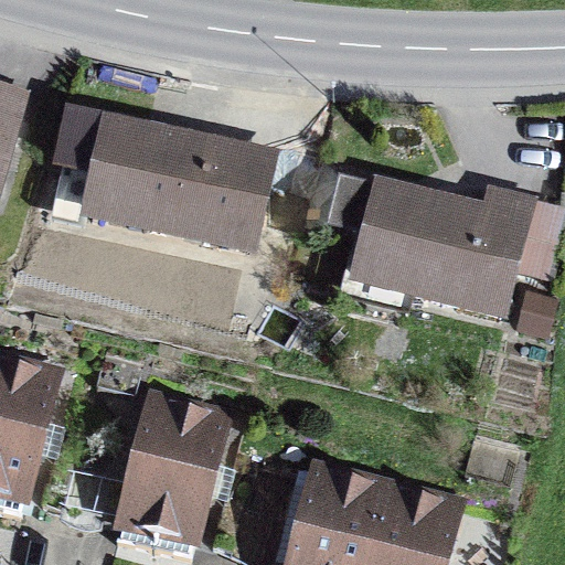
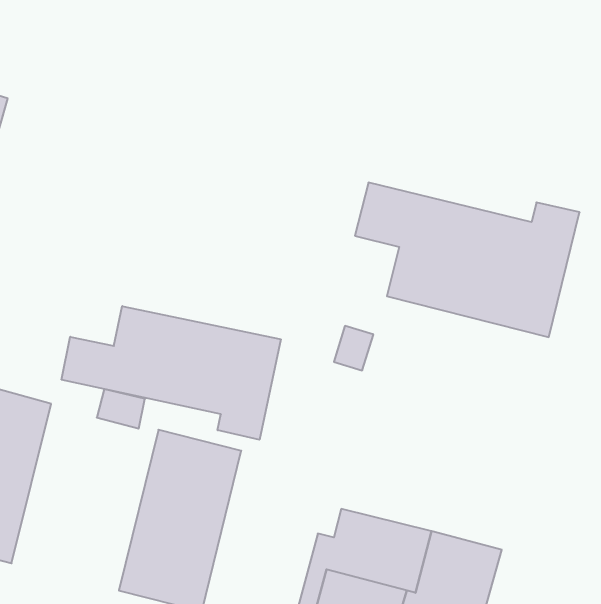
building: [66,117,274,247] -> none
building: none -> [62,306,281,440]

